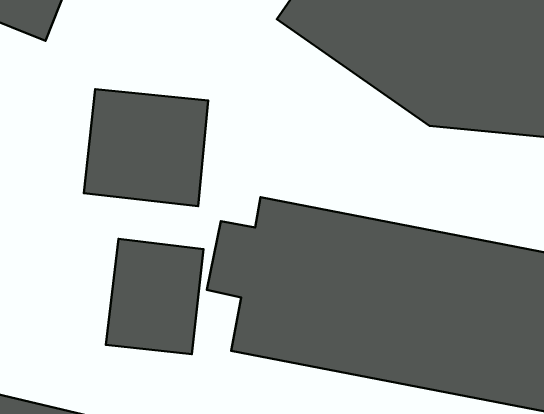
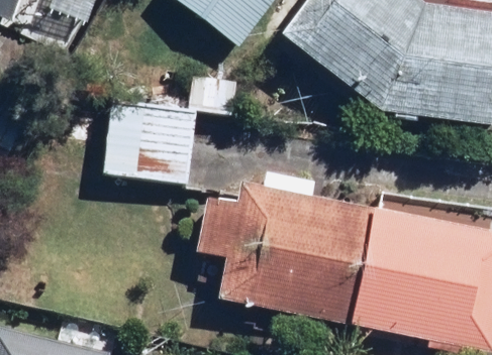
building: [106,239,203,354] -> none

